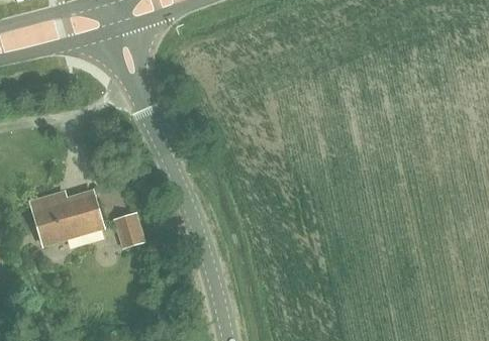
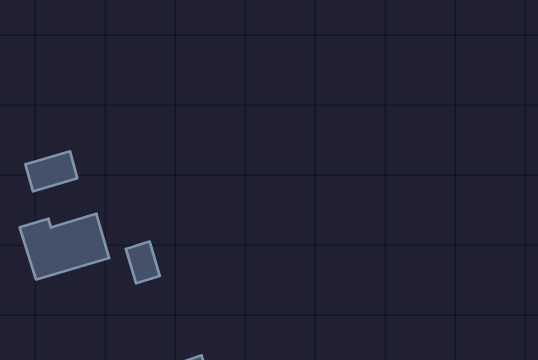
building: none -> [26,151,77,191]

